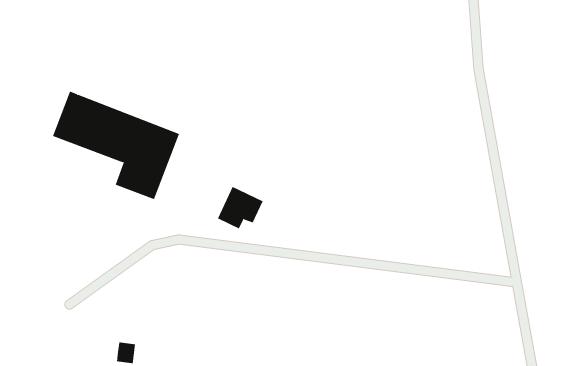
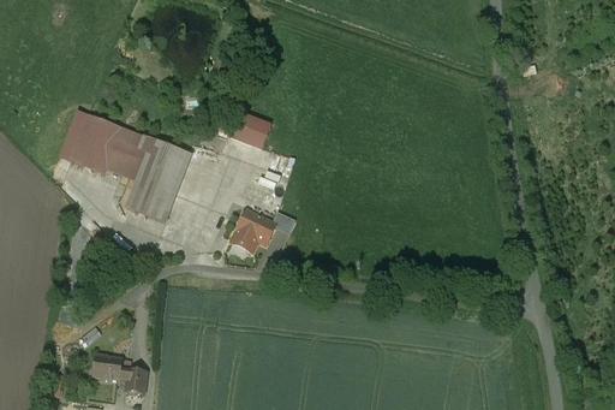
building: none -> [226,111,270,149]
building: none -> [91,353,127,380]

